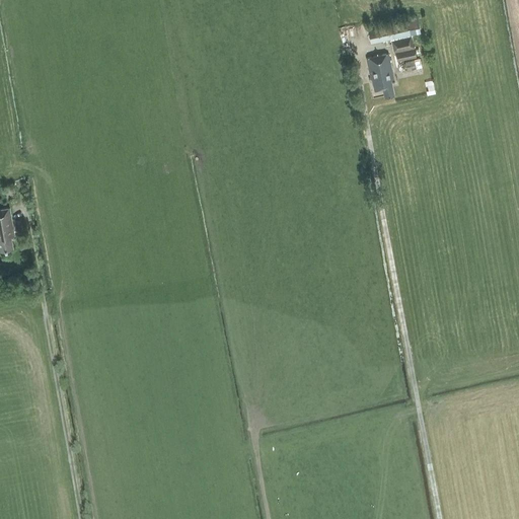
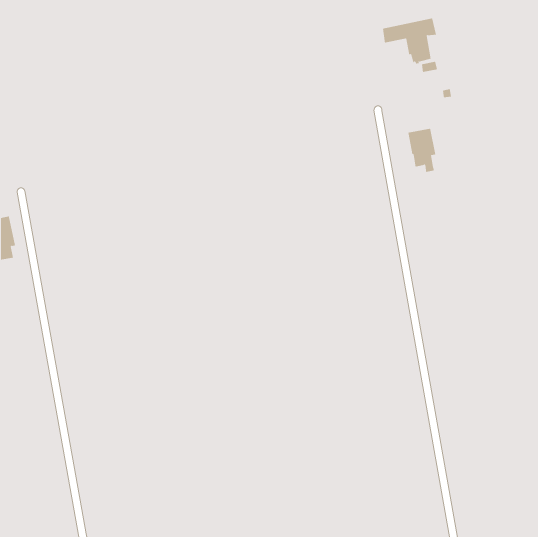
building: [367,55,394,97] -> [408,128,436,172]

